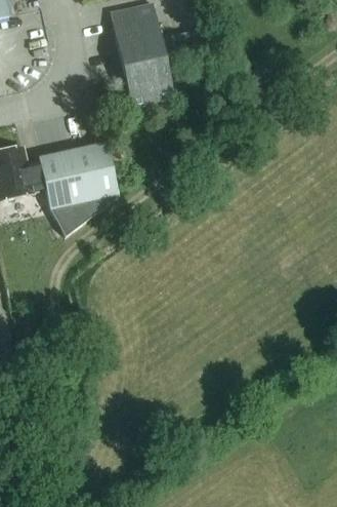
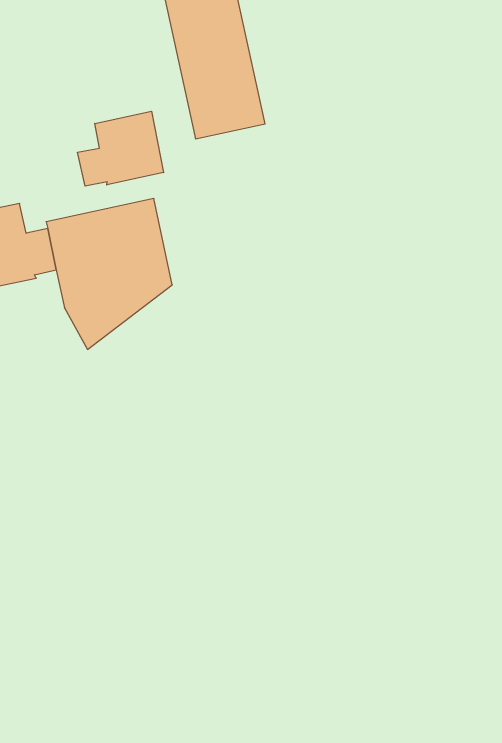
building: none -> [78,111,164,186]

